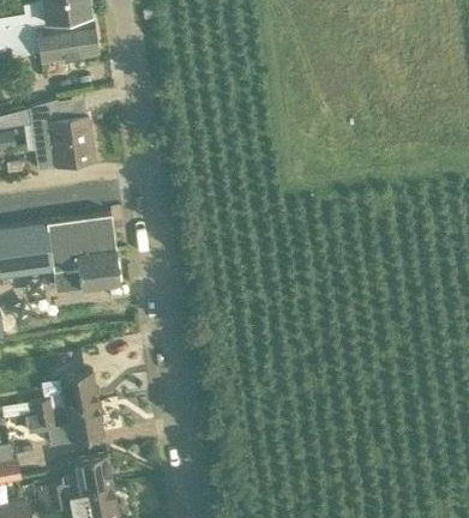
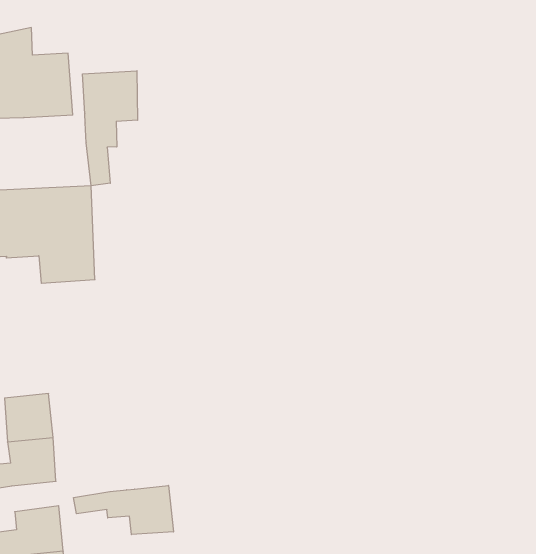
building: none -> [83,71,138,186]
building: none -> [74,485,173,535]

